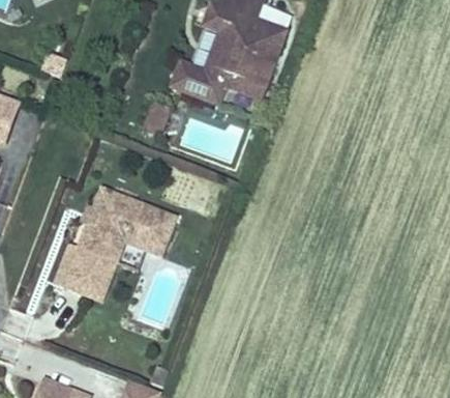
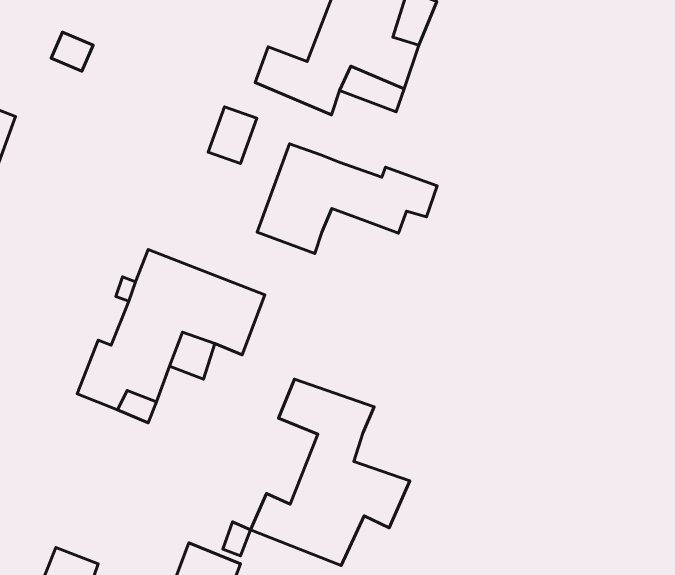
building: none -> [257,144,437,254]
building: none -> [250,379,410,566]

